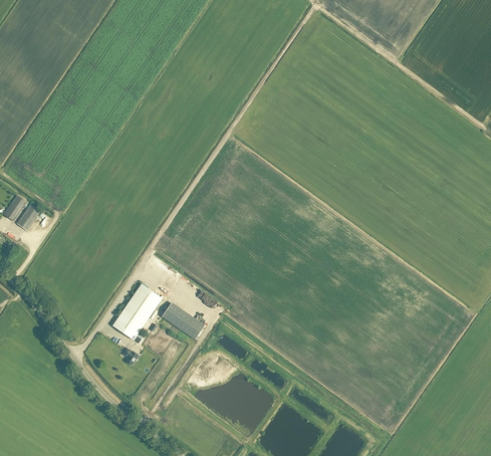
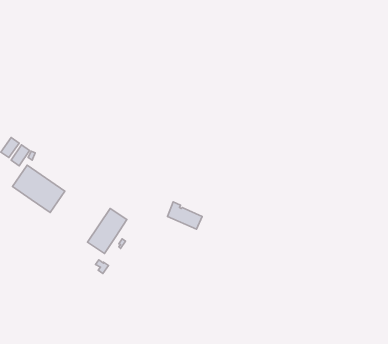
building: none -> [12,165,65,213]
building: [160,300,203,334] -> [168,202,202,229]

